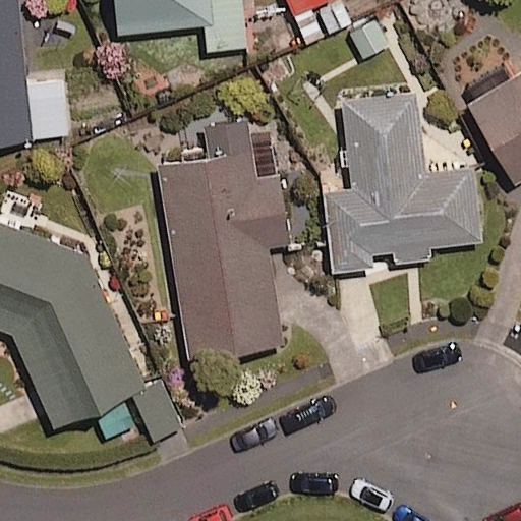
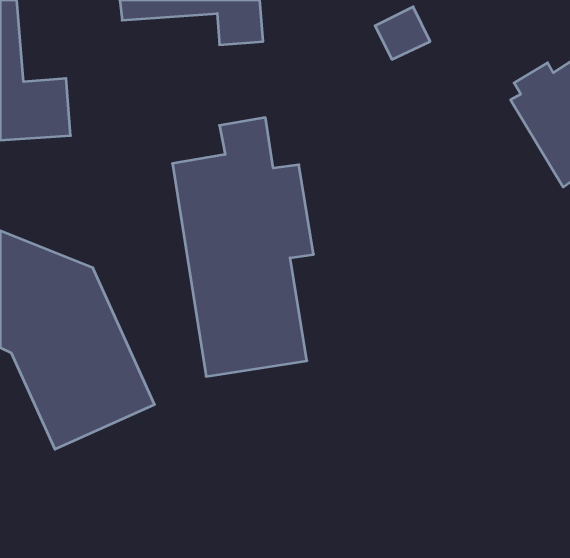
building: [322,96,479,270] -> none

